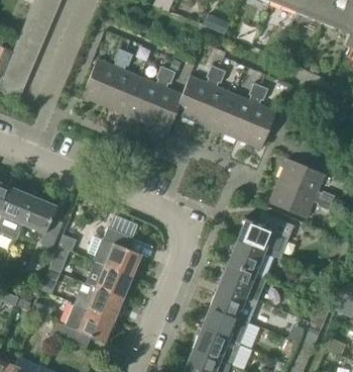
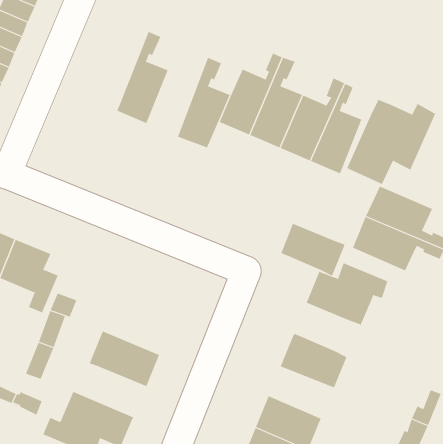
building: [83,49,126,106] -> none
building: [125,67,167,124] -> none
building: none -> [346,99,436,185]
building: [87,217,143,277] -> none
building: [228,241,273,278] -> [280,223,345,276]
building: [74,285,125,320] -> none
building: [210,285,256,321] -> none

